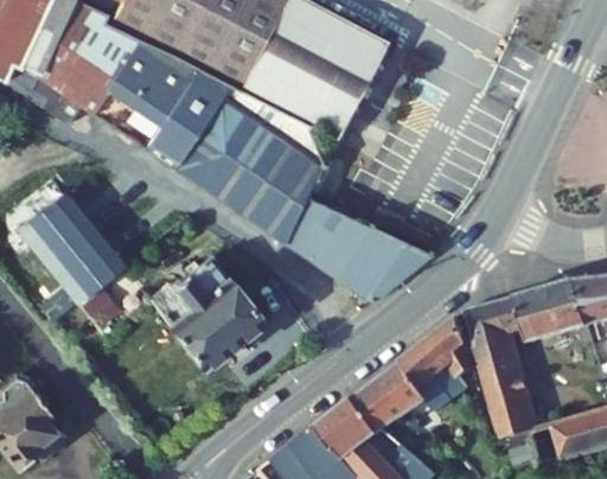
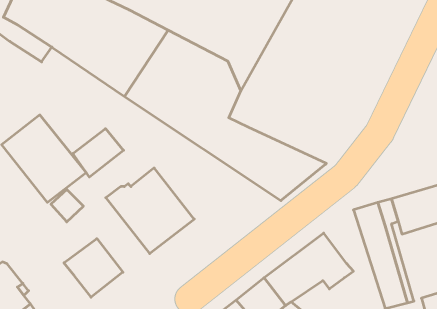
building: none -> [73,129,124,177]
building: [426,318,474,390] -> none
building: none -> [64,239,123,297]

